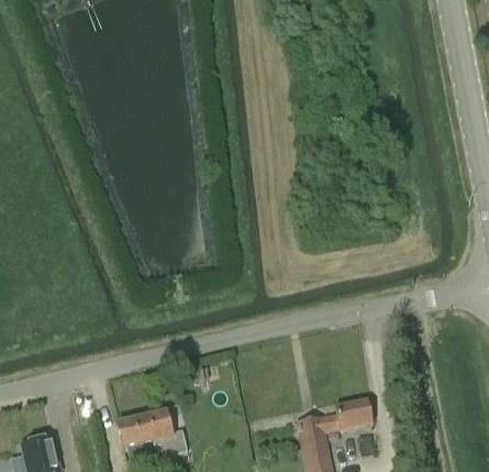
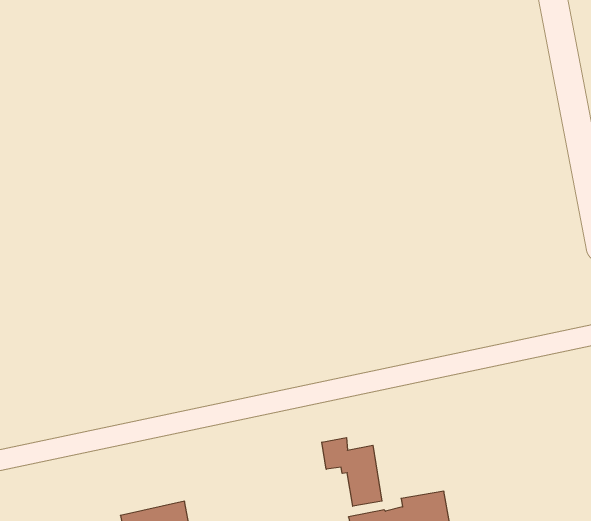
building: none -> [322,438,382,506]

